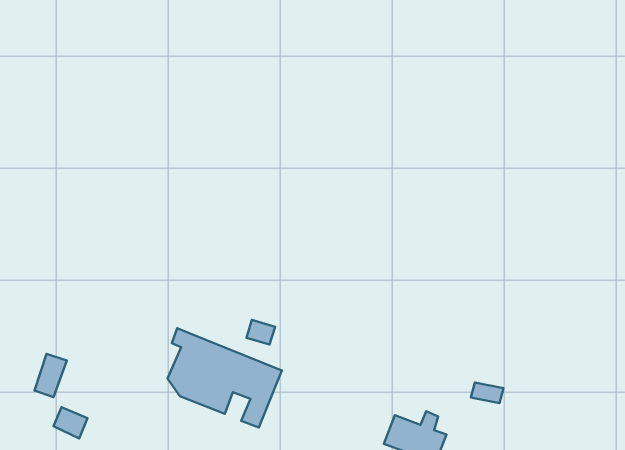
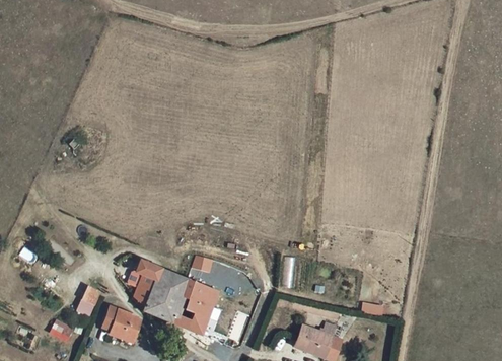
building: [34,354,67,397] -> [75,284,99,316]
building: none -> [101,306,139,343]

